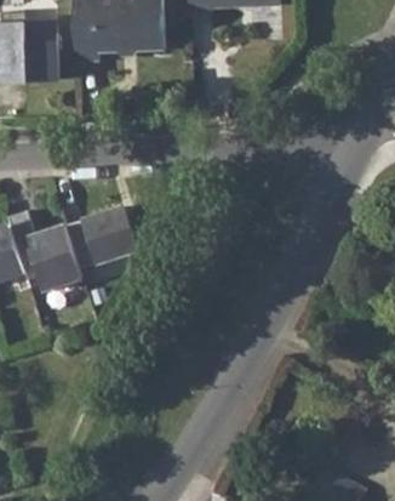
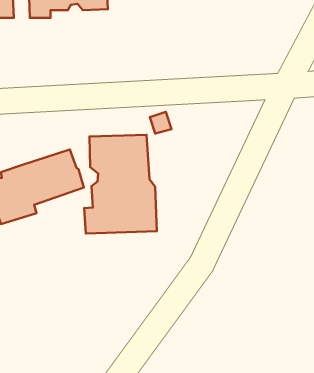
building: none -> [84,135,157,234]

